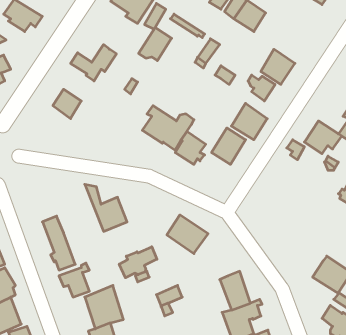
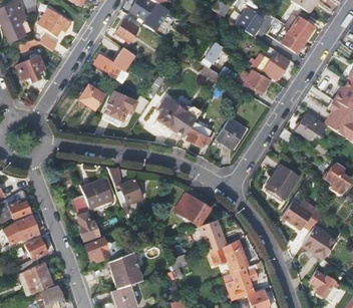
building: none -> [280,16,313,53]
building: [139,28,172,61] -> [114,13,142,41]
building: none -> [104,90,136,120]
building: [231,103,267,140] -> none
building: none -> [265,163,300,199]
building: none -> [81,179,112,207]
building: none -> [282,197,324,231]
building: none -> [202,219,230,253]
building: [119,247,157,278] -> none

